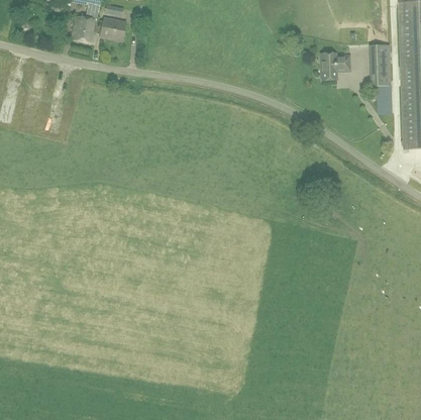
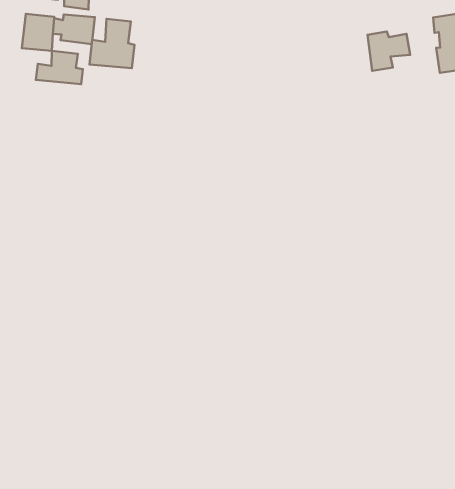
building: none -> [89,19,135,68]
building: none -> [36,51,83,84]

